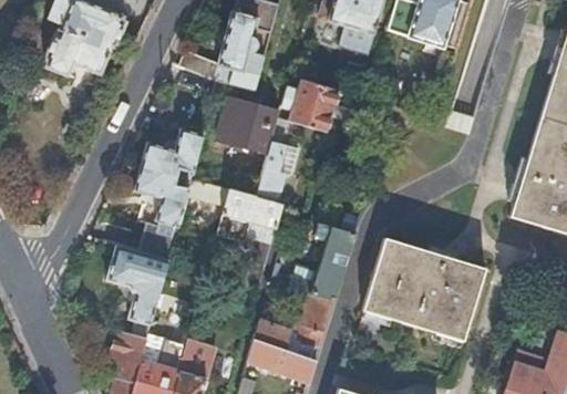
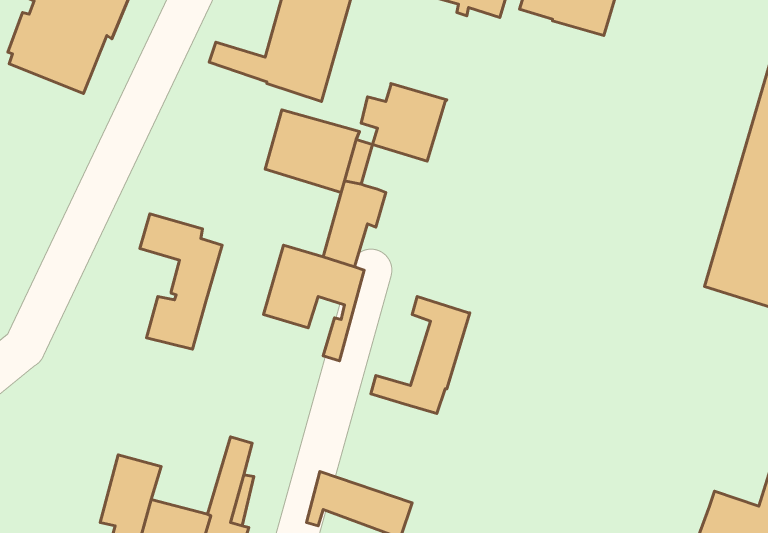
building: [140,126,204,176] -> none
building: [362,237,485,339] -> none
building: [106,256,165,323] -> none
building: [254,293,332,360] -> none

